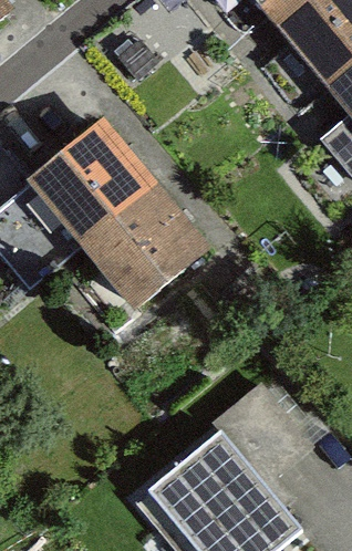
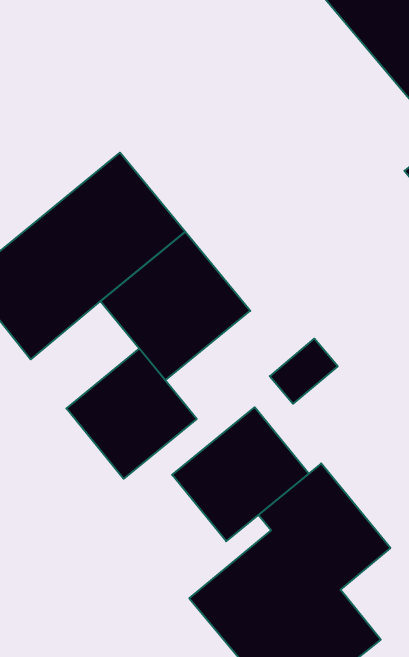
building: none -> [66,349,197,479]
building: none -> [172,407,309,541]

